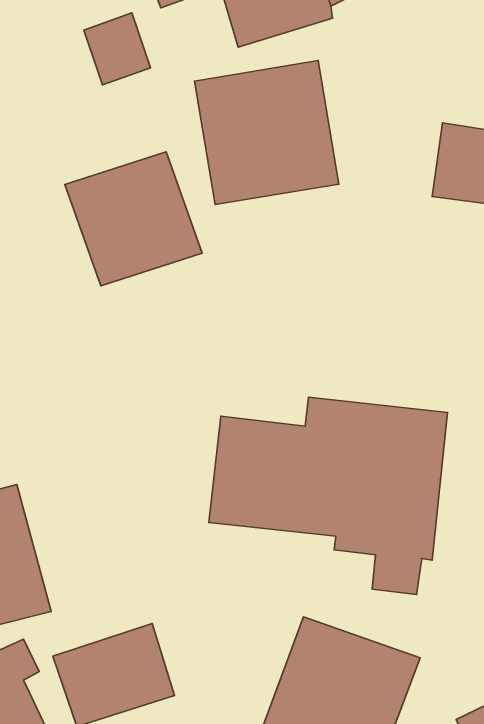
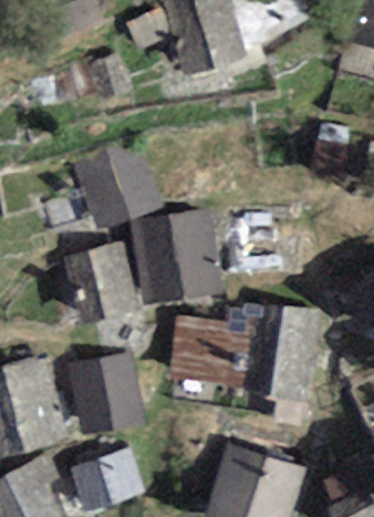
building: [195,61,339,205] -> [131,209,224,302]
building: none -> [64,242,139,323]
building: none -> [67,351,144,435]

